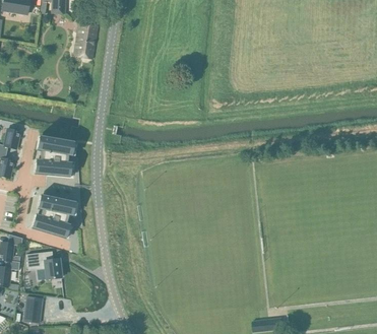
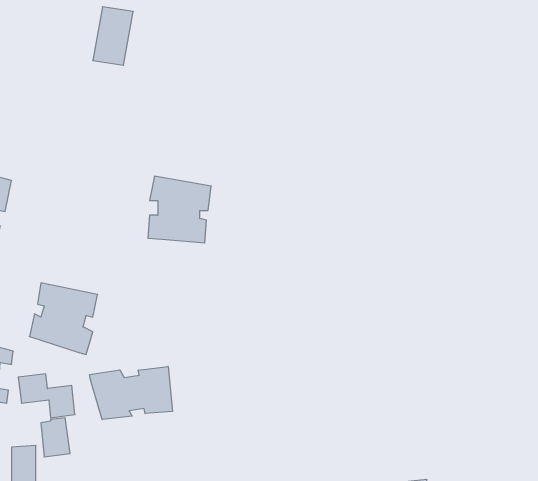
building: [36,135,75,177] -> [148,176,211,243]
building: none -> [90,366,172,420]

